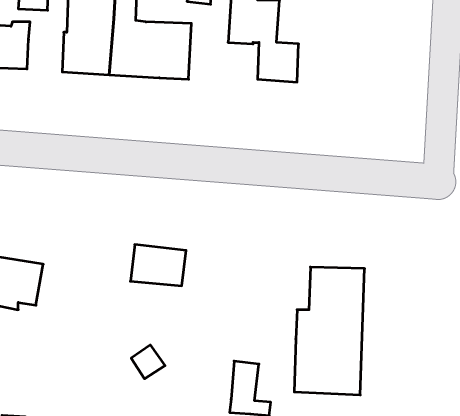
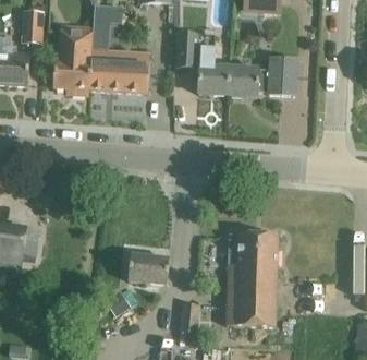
building: none -> [228,57,297,96]
building: [130,245,186,286] -> [127,253,169,284]

